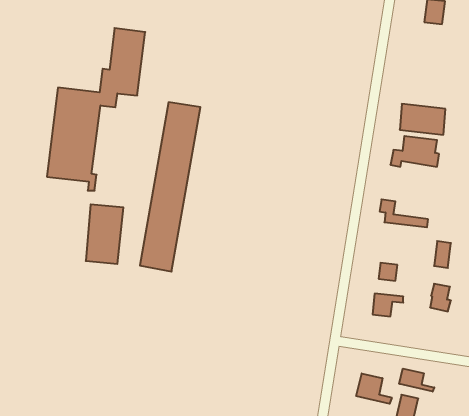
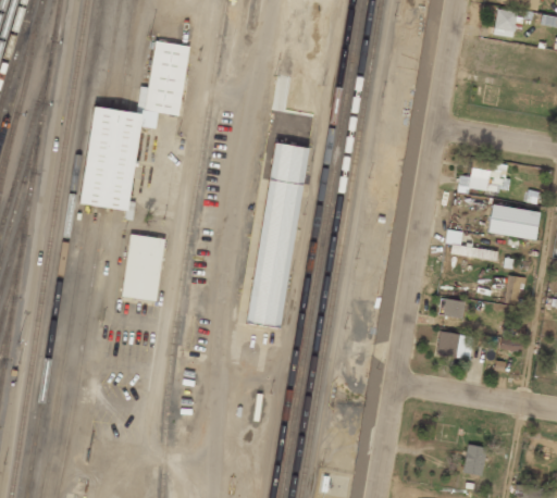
building: [140,102,200,272] -> [245,144,311,329]
building: [400,104,445,135] -> [488,206,539,239]
building: [399,369,434,392] -> none
building: [356,373,392,404] -> none

